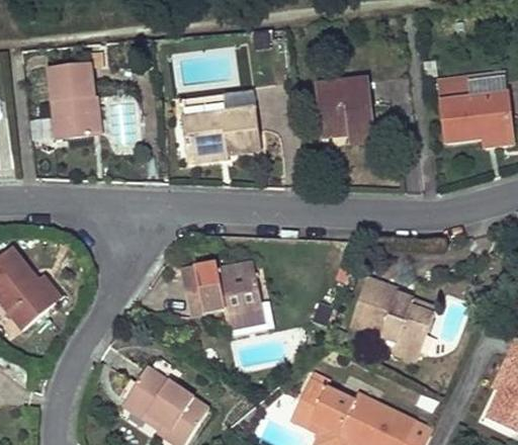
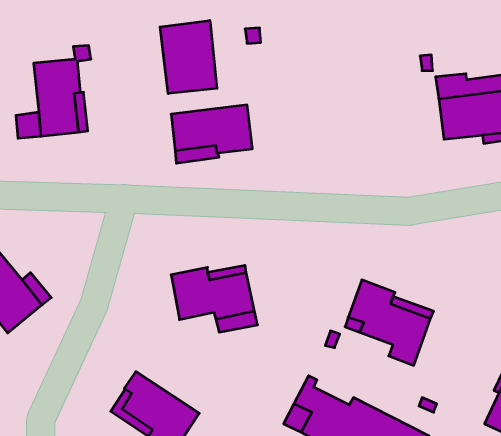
building: none -> [160,20,217,94]
building: [315,78,375,142] -> none

